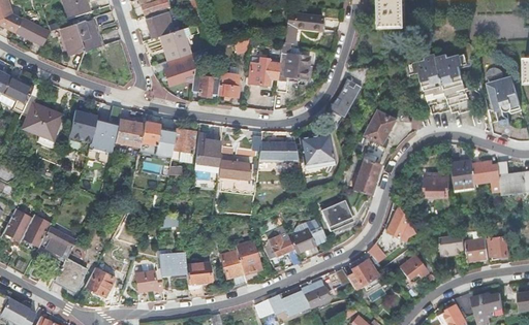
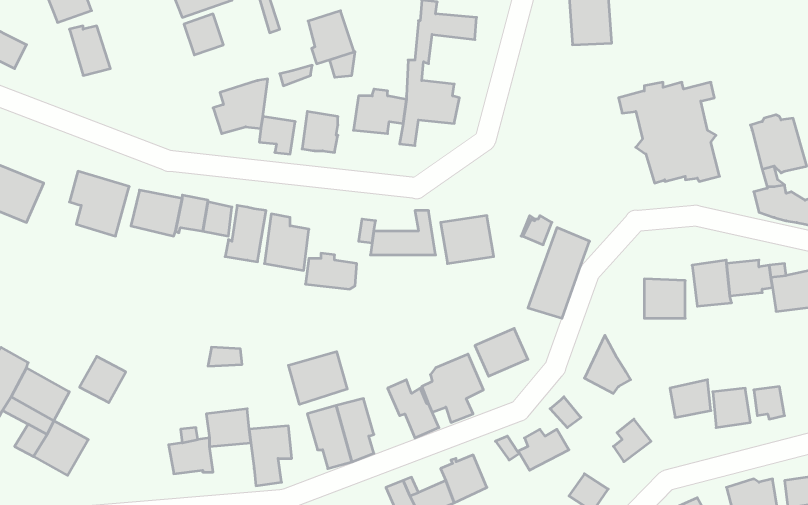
building: [60,22,84,54] -> none
building: [161,28,189,60] -> [308,11,354,64]
building: [326,77,361,118] -> none
building: [366,110,395,142] -> none
building: none -> [288,352,347,404]
building: [85,267,113,295] -> [80,356,126,403]

